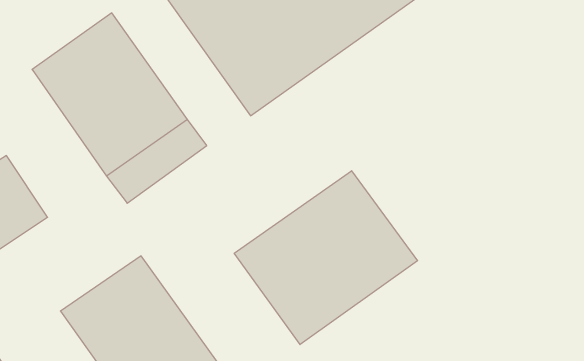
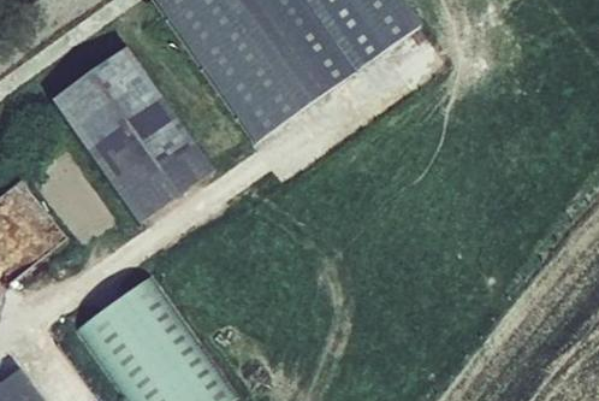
building: [234,171,418,345] -> none

